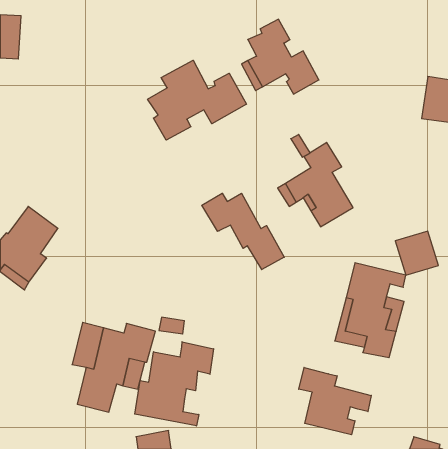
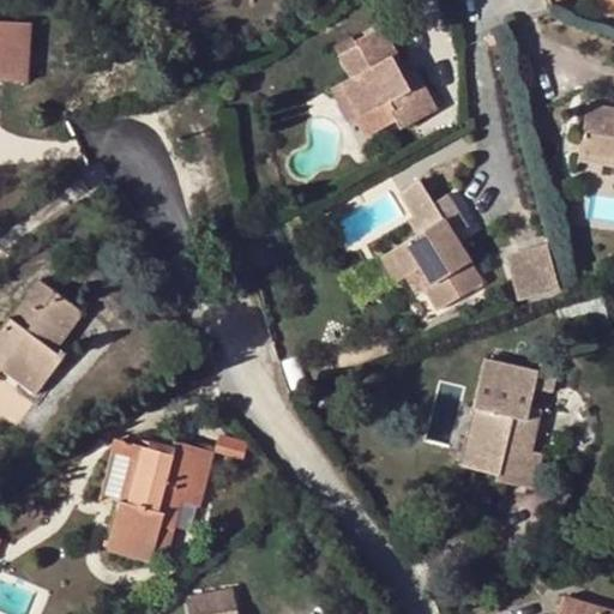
building: [148,60,246,140] -> none
building: [202,193,284,270] -> none
building: [395,231,438,275] -> [506,240,565,300]
building: [135,342,214,426] -> none
building: [299,367,371,435] -> none

